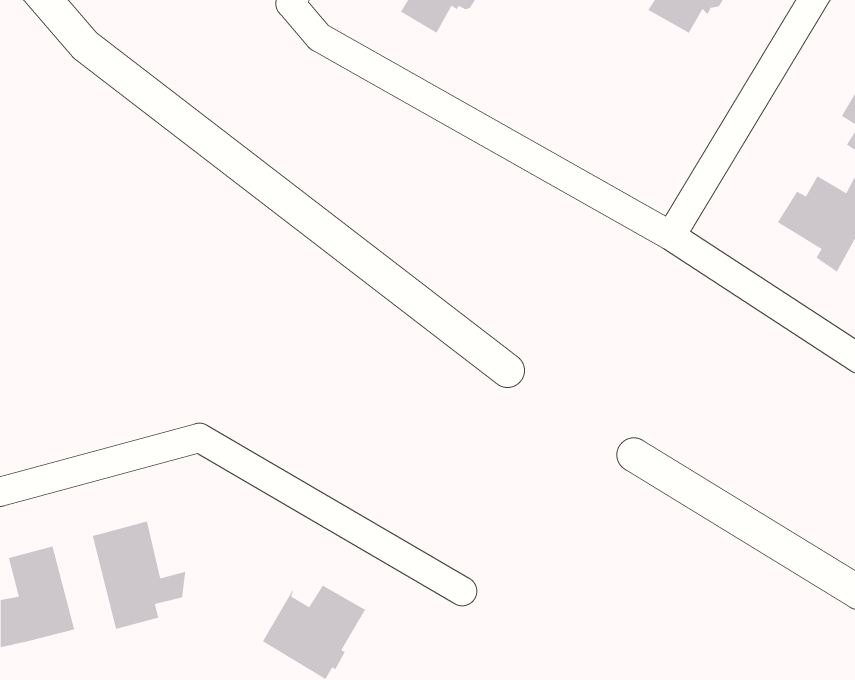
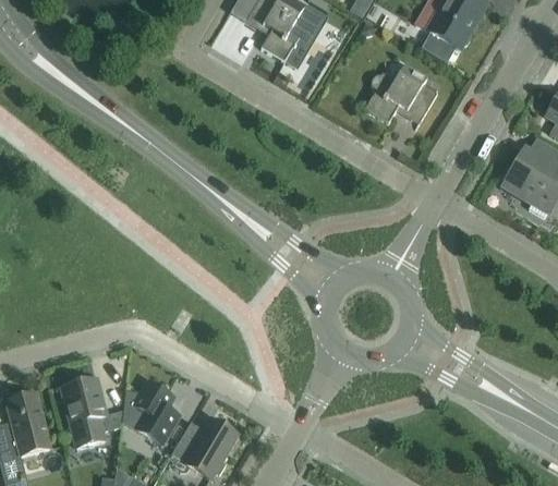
building: none -> [365,62,437,121]
building: none -> [123,379,180,442]

